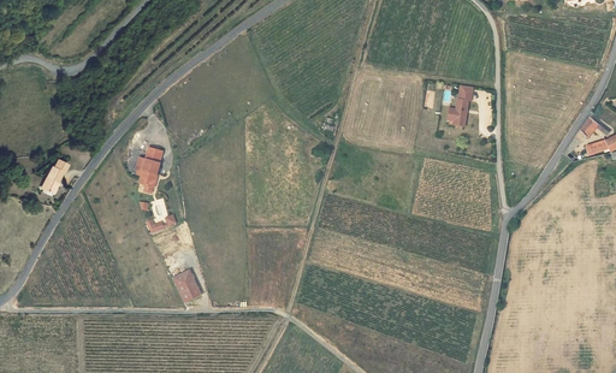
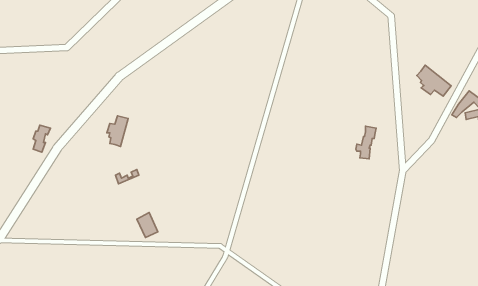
building: none -> [417,65,451,96]
building: [448,85,473,126] -> [356,126,376,159]

